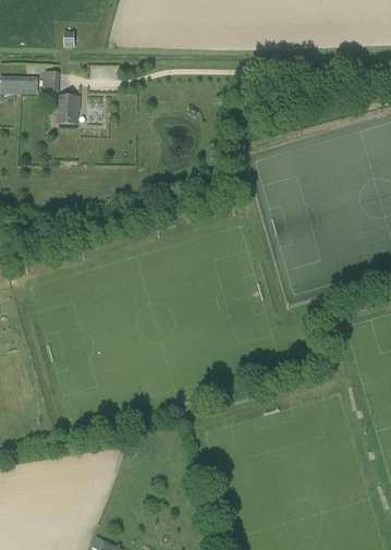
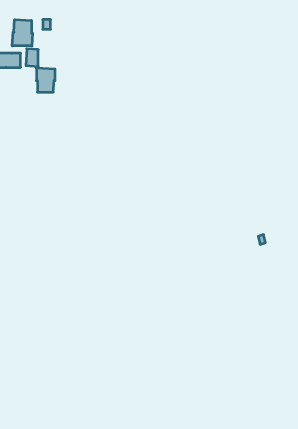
building: none -> [12,20,33,46]

